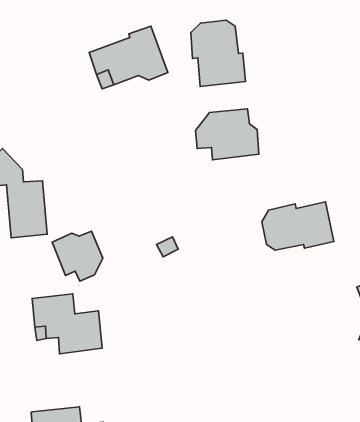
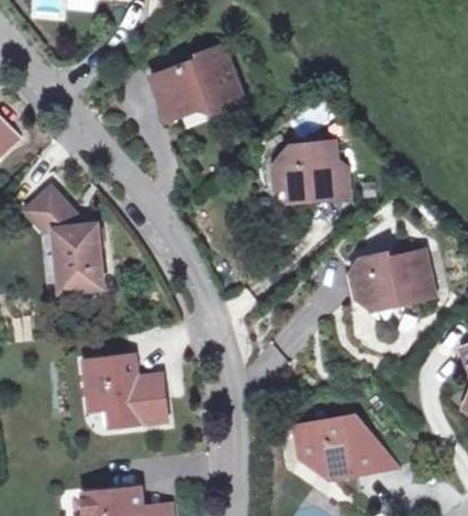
building: [191,20,245,86] -> none
building: [52,231,103,281] -> none
building: none -> [294,417,392,477]

